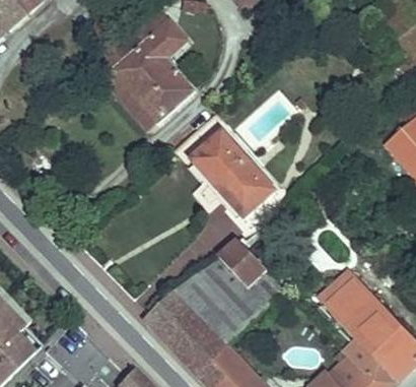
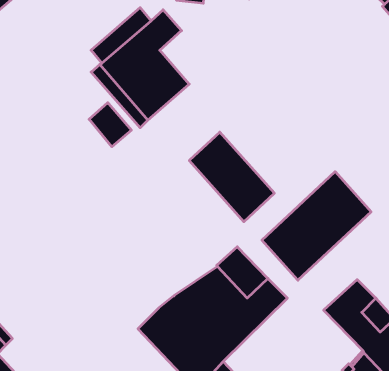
building: none -> [89,103,131,147]
building: none -> [262,172,371,280]

